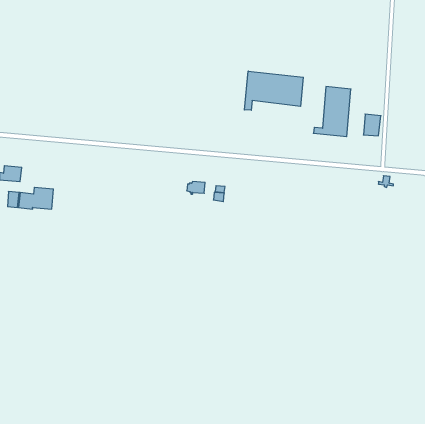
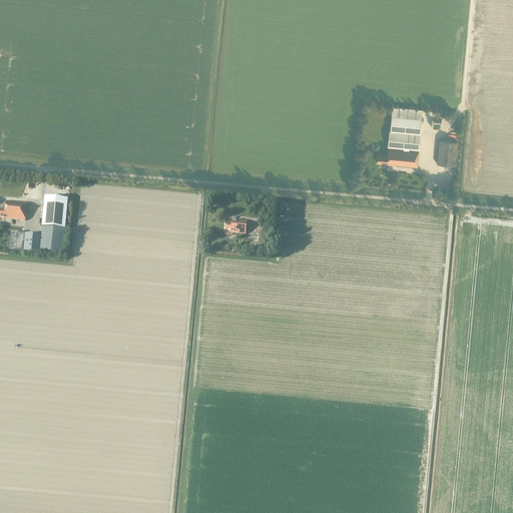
building: [244,71,303,110] -> none
building: none -> [41,195,67,227]

